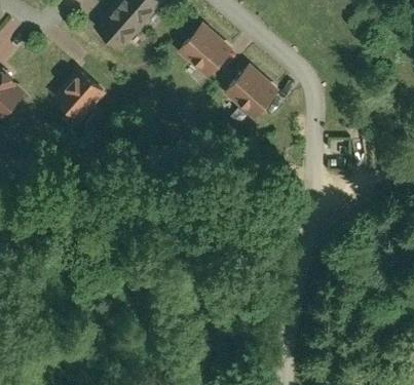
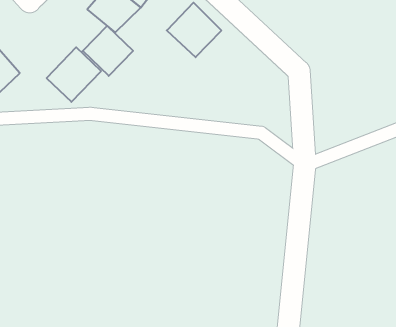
building: none -> [83,26,133,76]
building: [223,63,280,119] -> none

